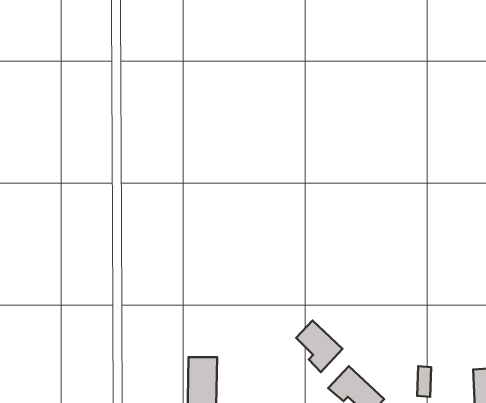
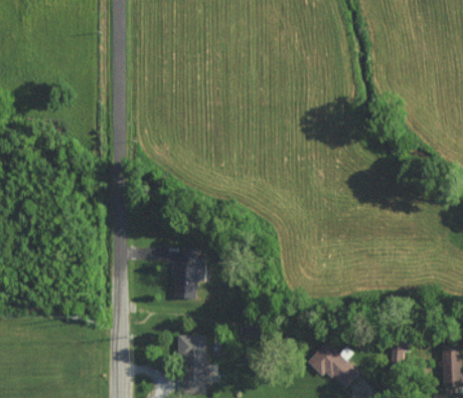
building: none -> [174,247,205,298]
building: [296,321,342,372] -> none

